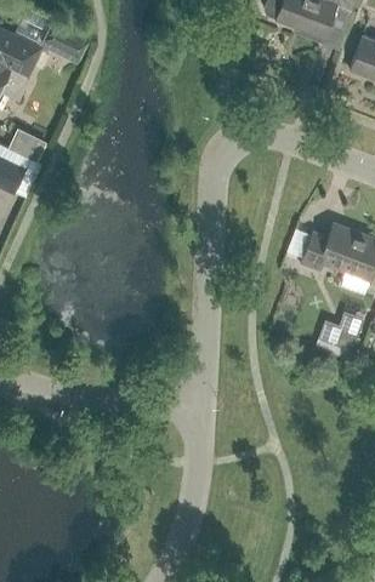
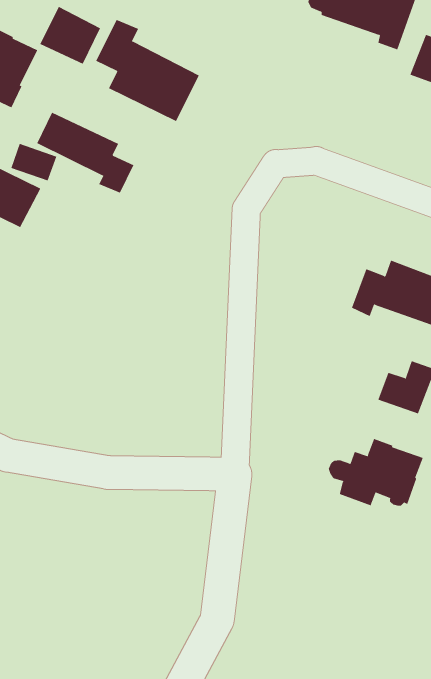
building: none -> [96,19,200,122]
building: none -> [36,112,134,194]
building: none -> [328,438,423,506]

